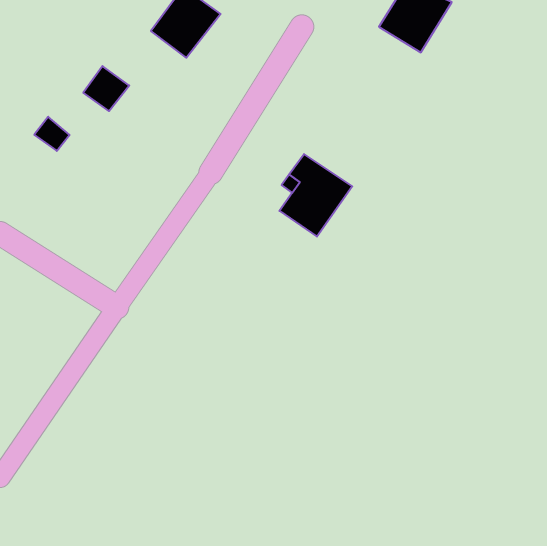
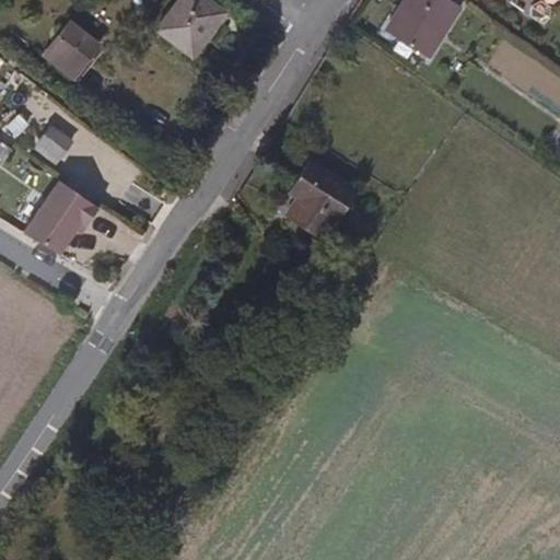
building: [83,66,129,111] -> [55,22,102,68]
building: none -> [26,185,95,259]

